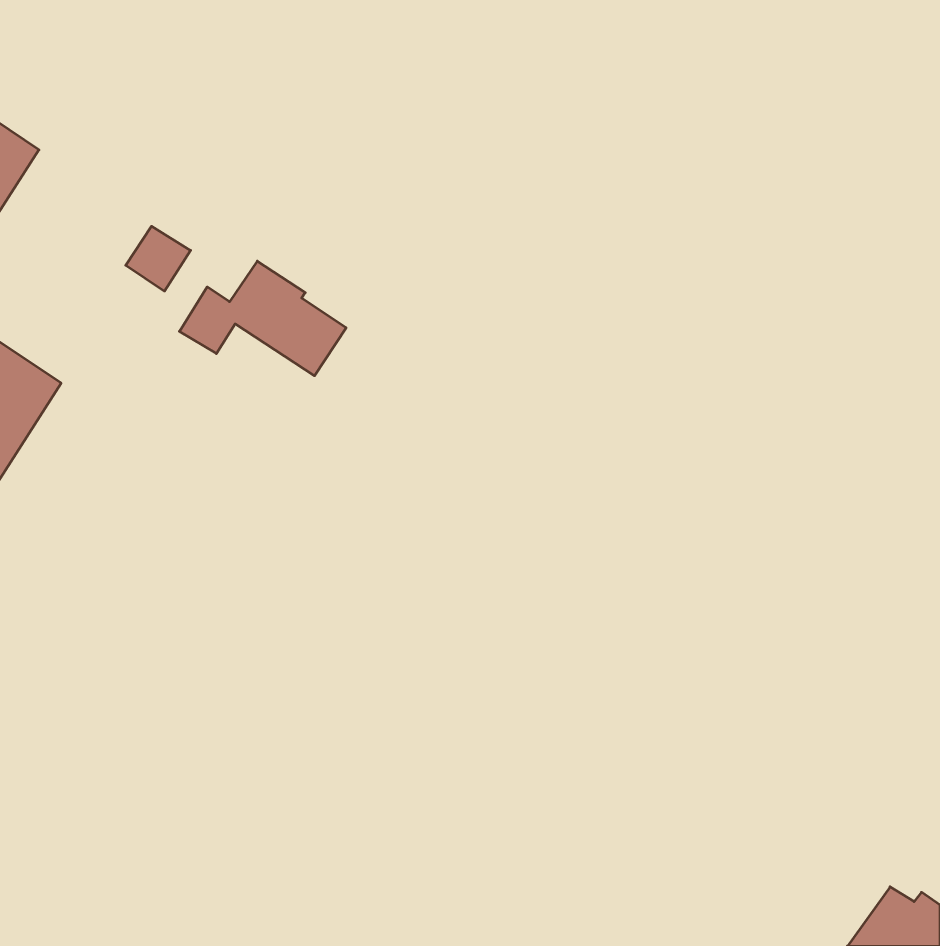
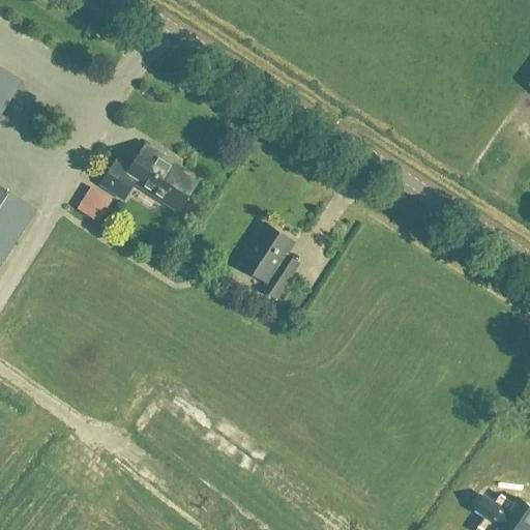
building: [126,226,191,291] -> [76,184,112,220]
building: none -> [237,224,292,298]

